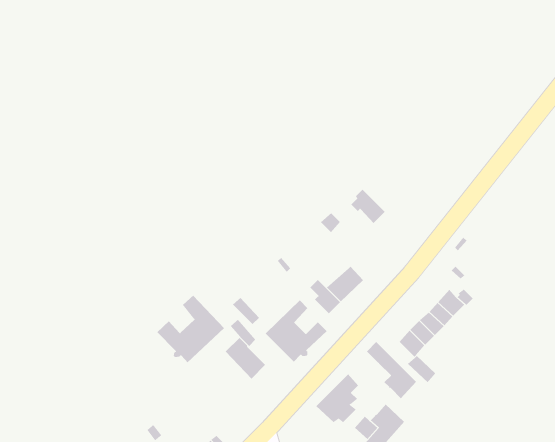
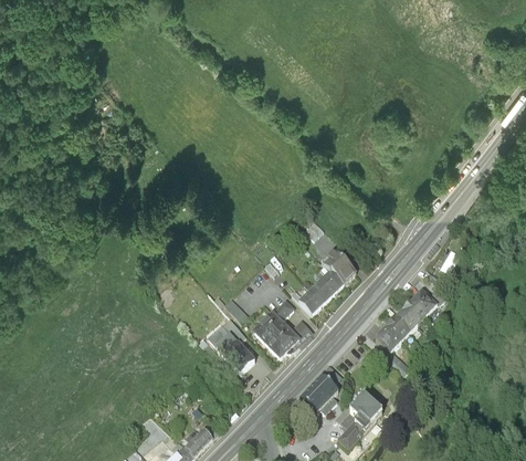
building: [350,189,385,224] -> [323,250,355,282]
building: [157,295,225,363] -> none
building: [366,341,417,399] -> none

